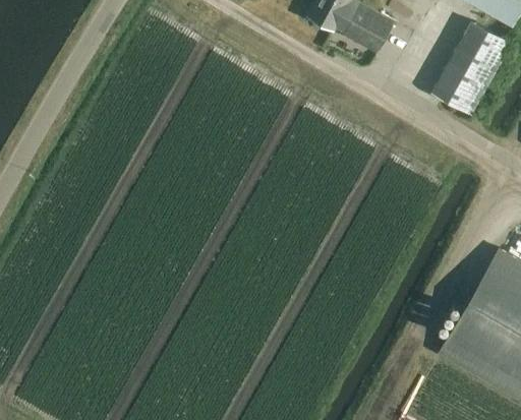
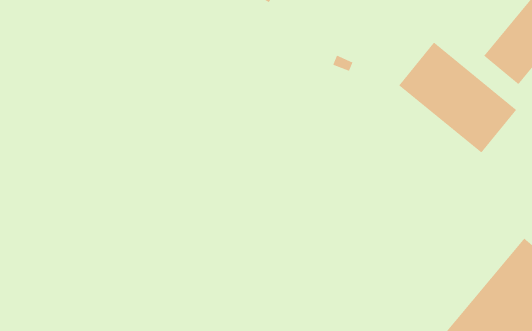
building: none -> [398,42,517,154]

